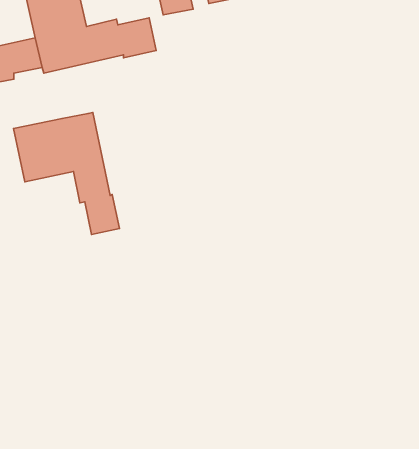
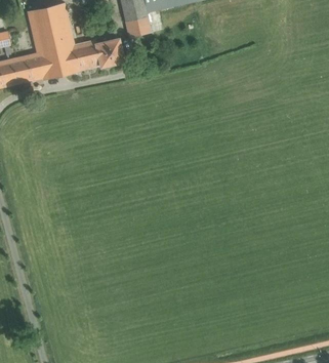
building: [13,113,120,235] -> none

